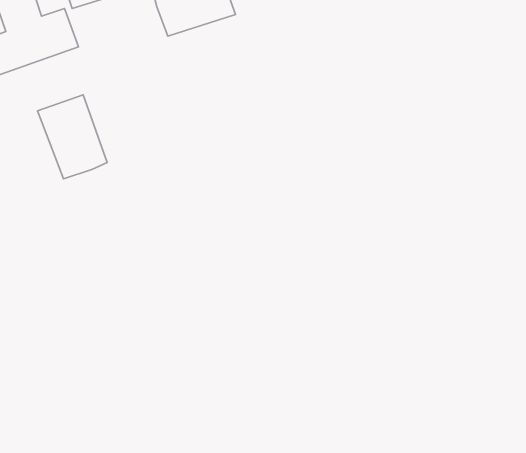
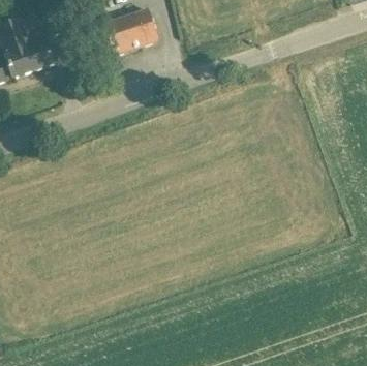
building: [37,95,107,179] -> none

